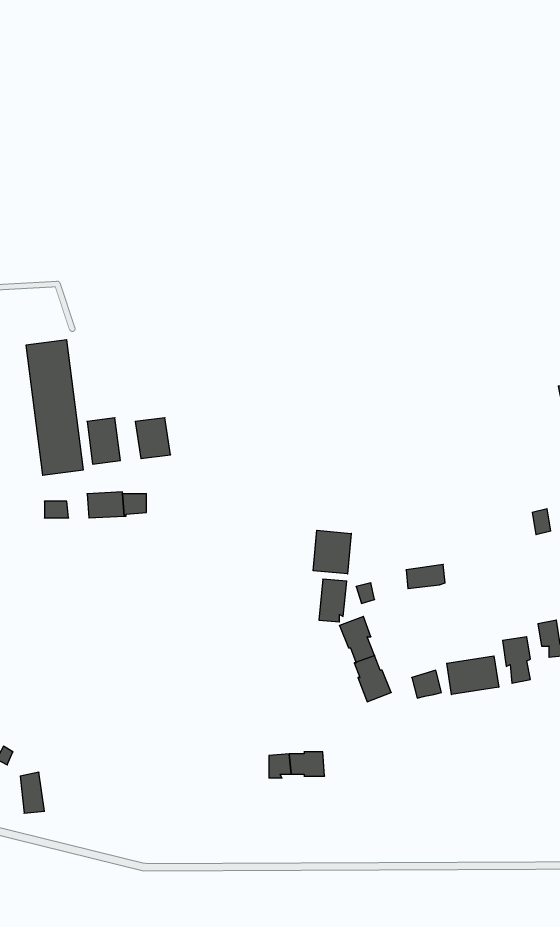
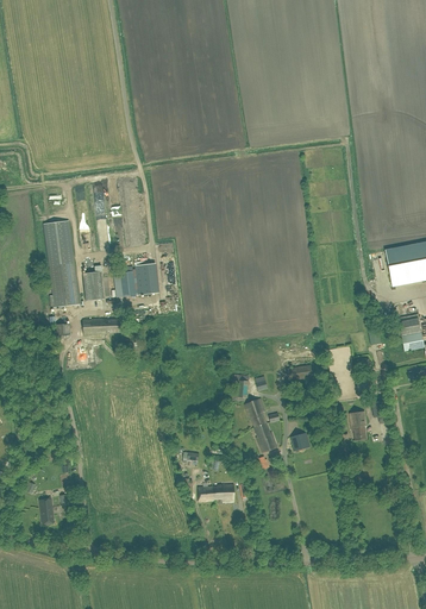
building: none -> [134,263,155,294]
building: [313,530,351,574] -> none
building: [447,656,499,695] -> none

